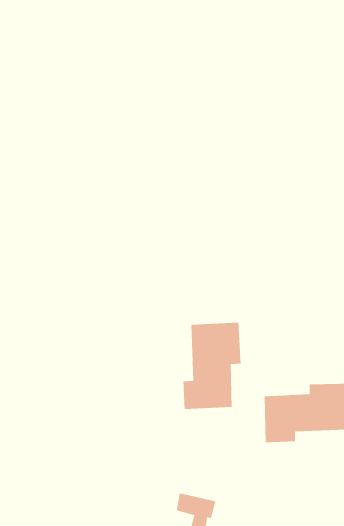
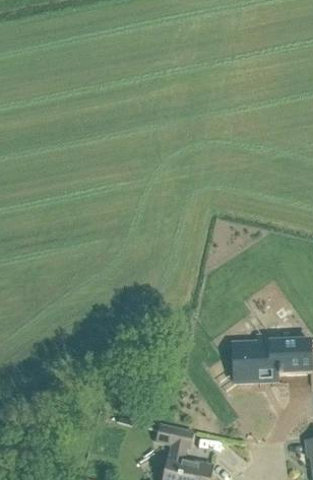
building: [183,322,241,410] -> none

